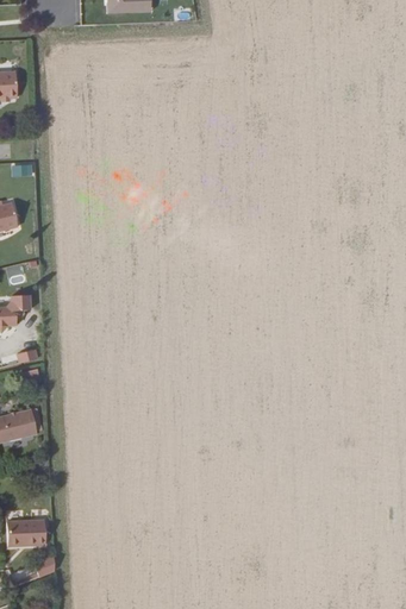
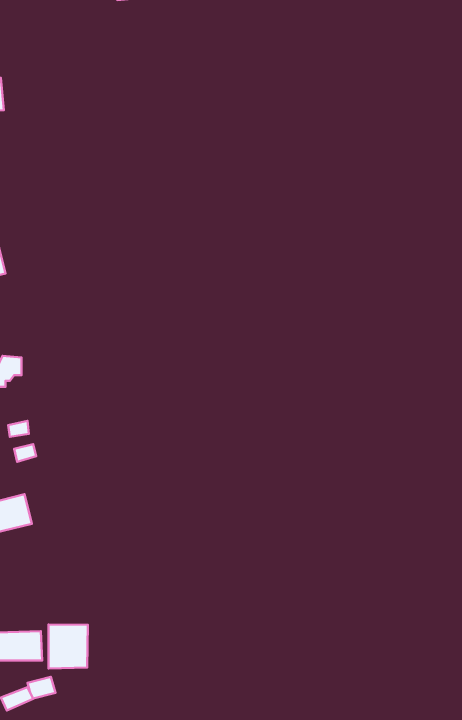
building: none -> [49,624,88,669]

